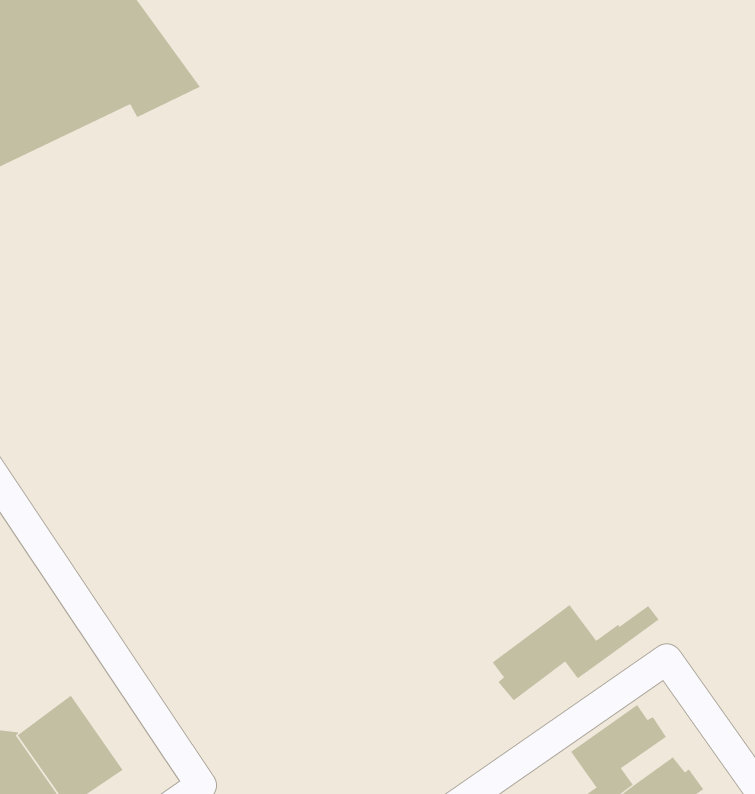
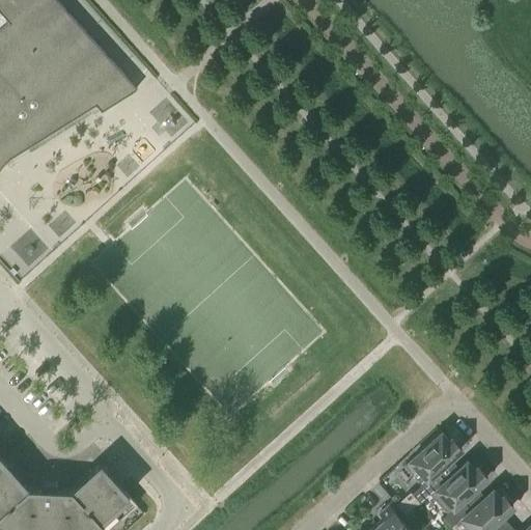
building: [492,604,660,701] -> none

